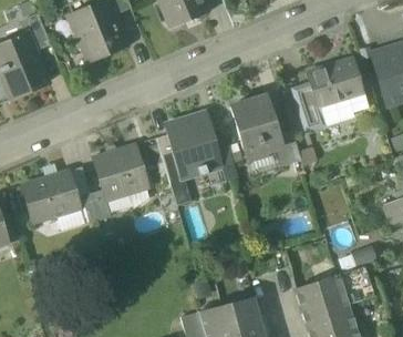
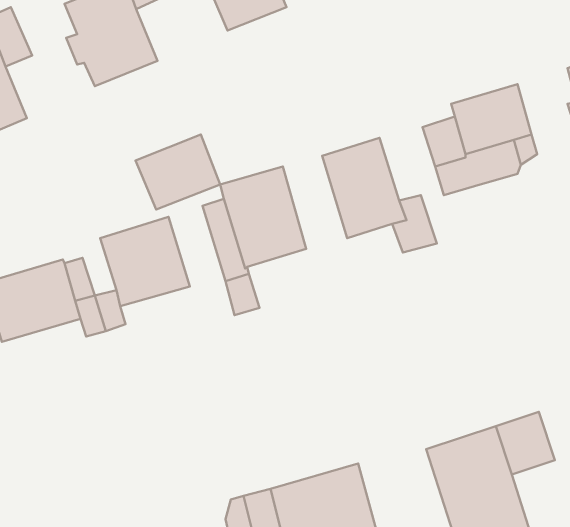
building: none -> [136,135,220,209]

